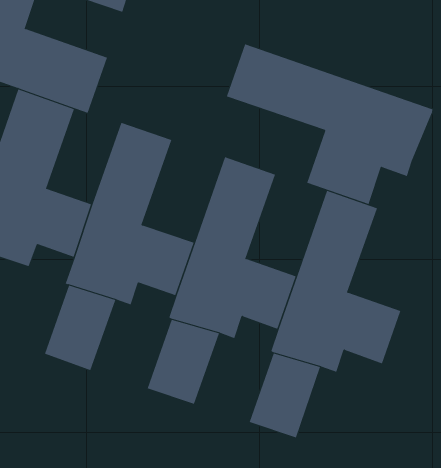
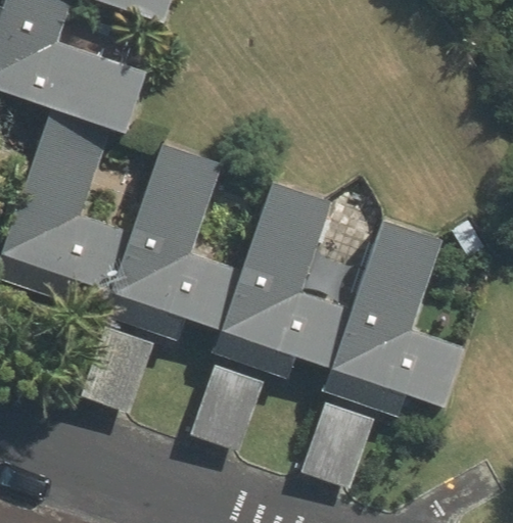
building: [226,43,433,205] -> none

